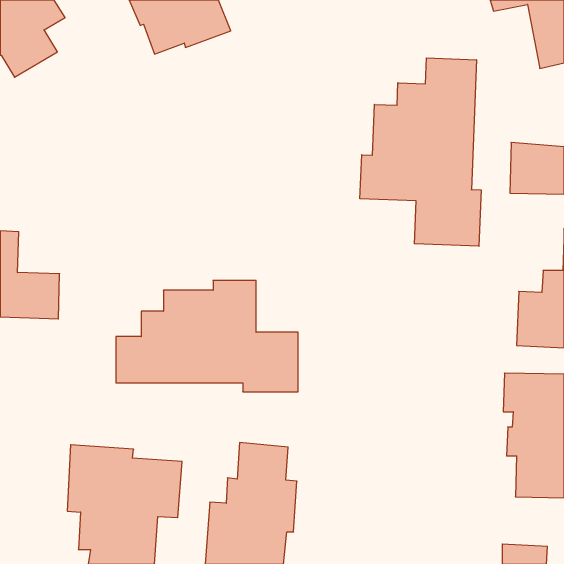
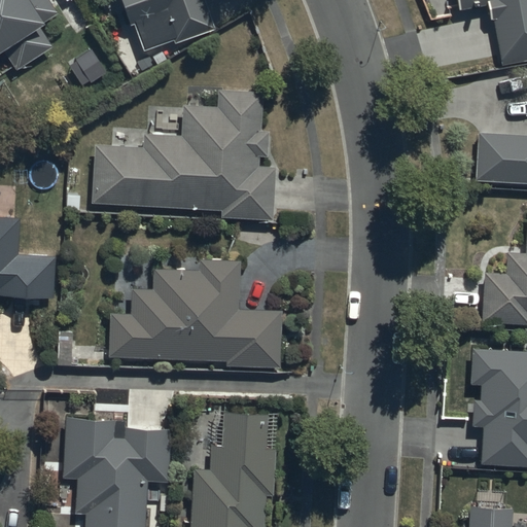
building: [360,58,481,246] -> none
building: none -> [92,91,273,220]

